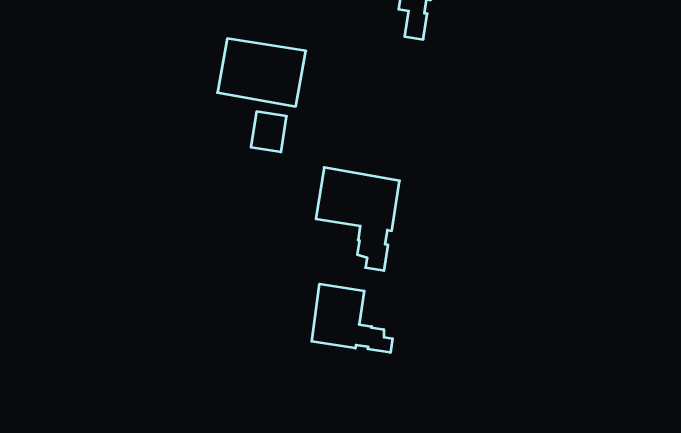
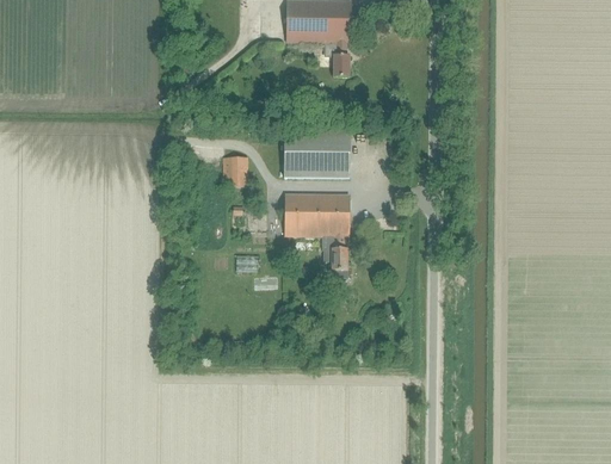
building: [217,39,306,106] -> [283,130,350,177]
building: [312,284,393,353] -> none

